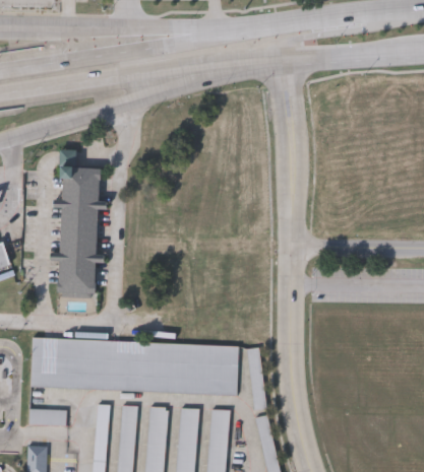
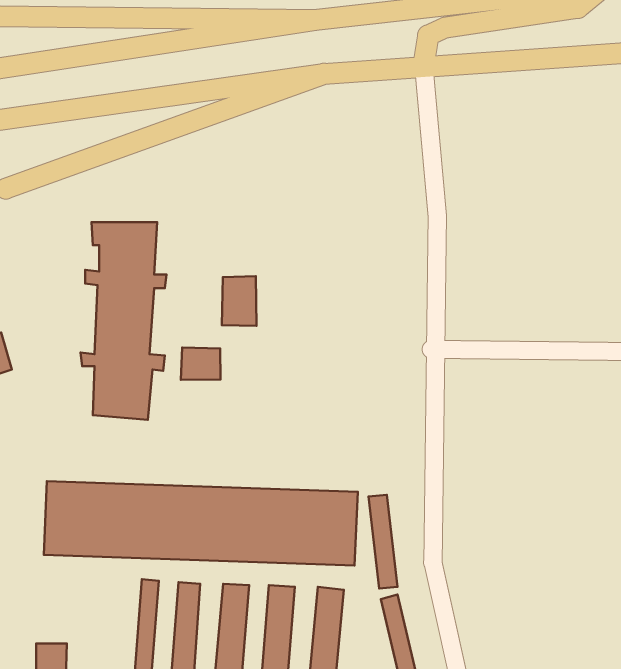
building: none -> [222,276,257,326]
building: none -> [181,347,220,380]
building: [28,409,66,425] -> none

